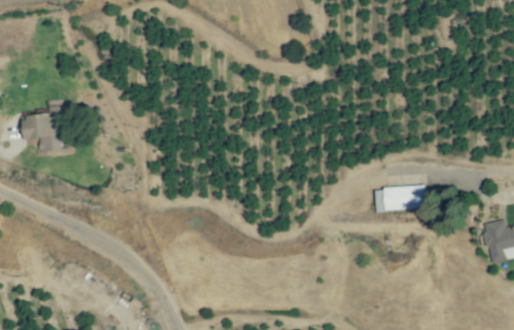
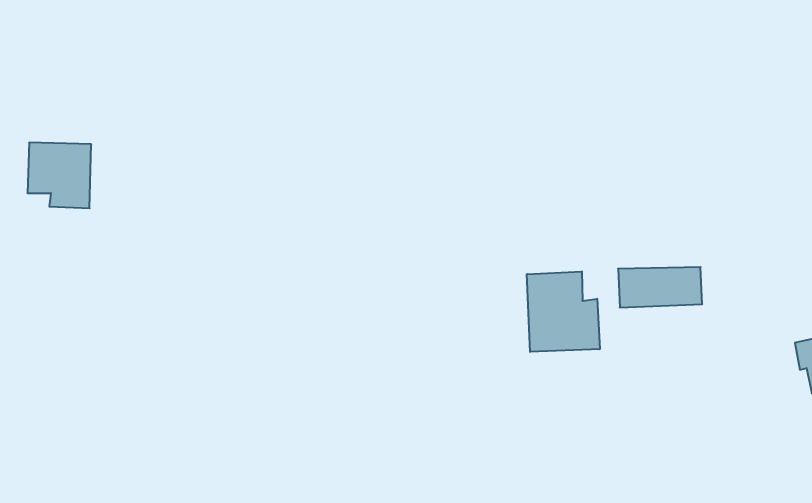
building: none -> [527,271,600,352]

